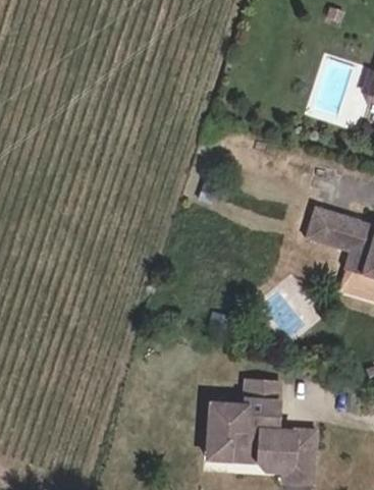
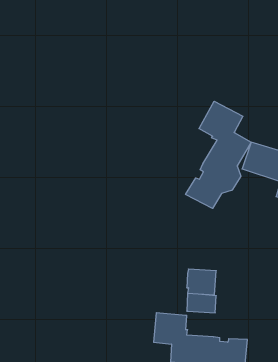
building: none -> [186,101,251,208]
building: [242,398,275,428] -> [187,269,216,295]

